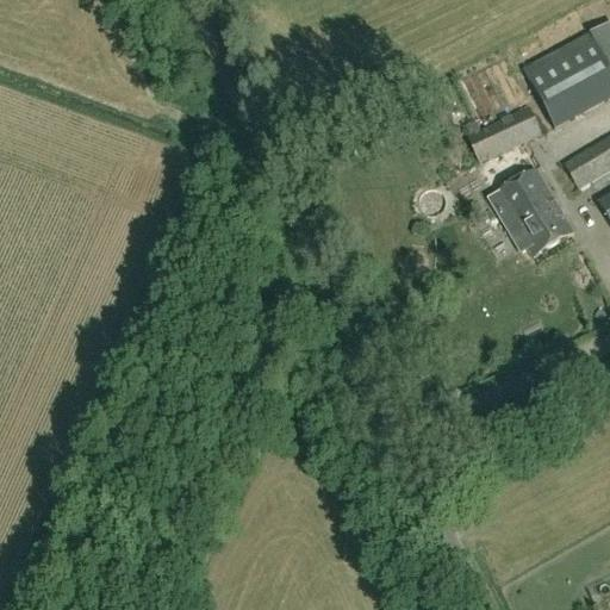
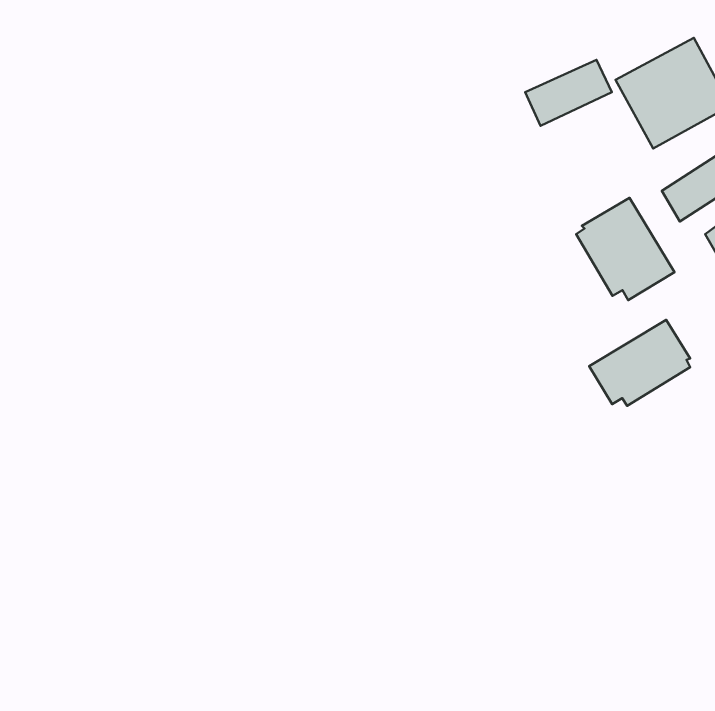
building: [468,106,542,162] -> [525,60,612,126]
building: none -> [589,320,690,406]

